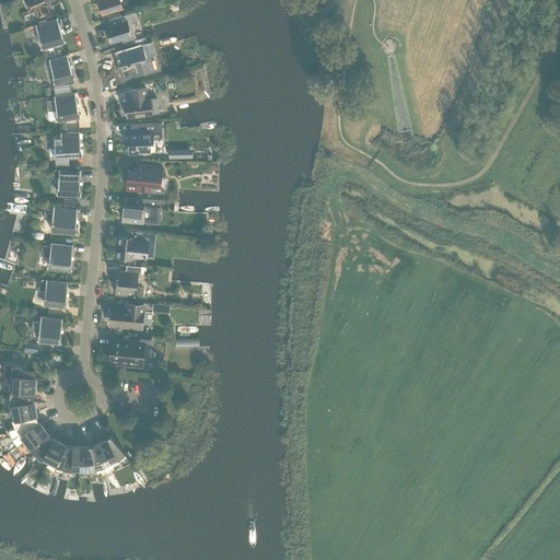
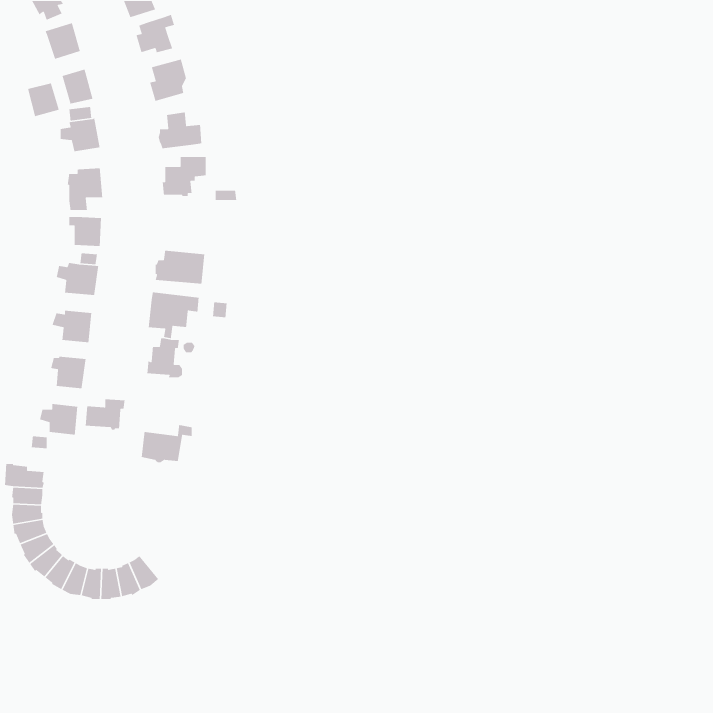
building: none -> [27,82,60,117]
building: [126,163,162,191] -> none
building: [112,303,143,328] -> [85,398,125,430]

